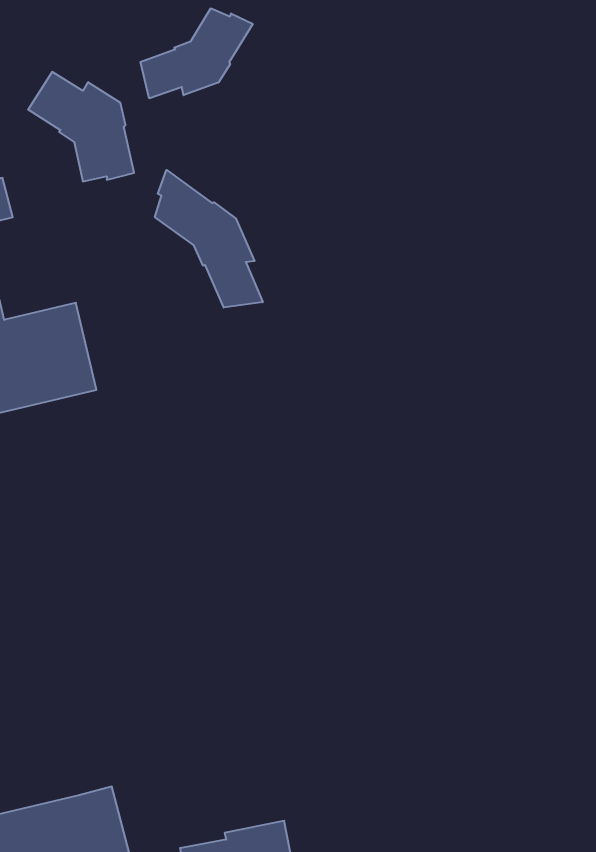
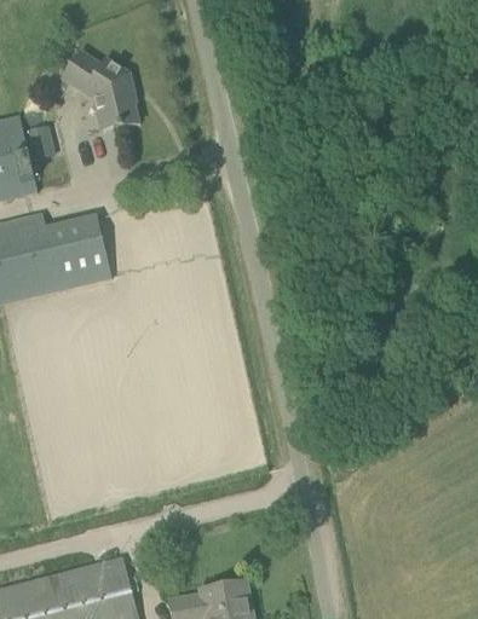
building: [140,8,253,98] -> none
building: [155,170,263,308] -> none

